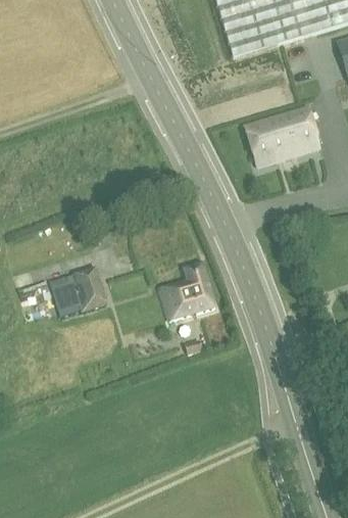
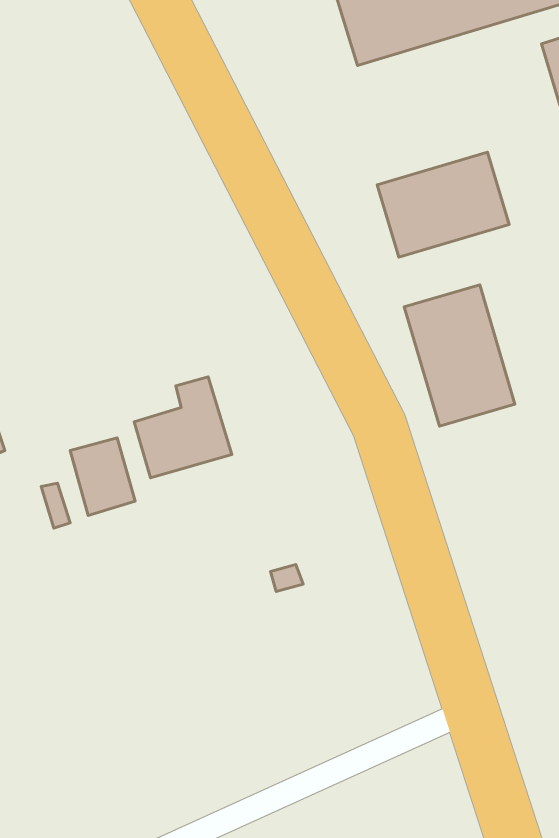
building: none -> [404,285,515,426]
building: [159,264,214,321] -> [134,377,232,478]

